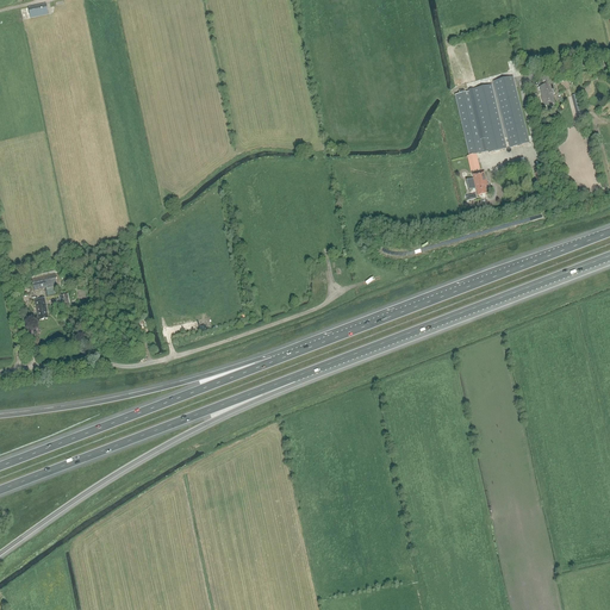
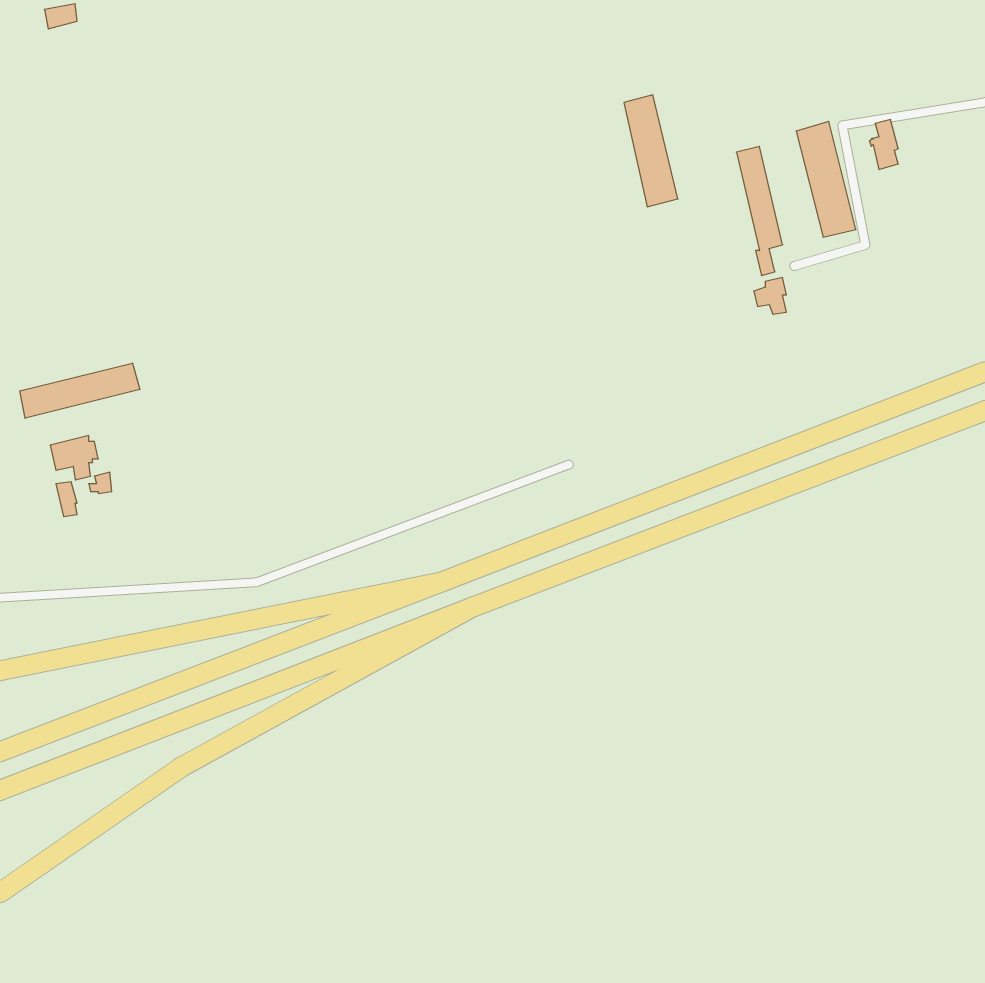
building: [473,83,506,152] -> [624,95,678,207]
building: none -> [20,363,140,418]

